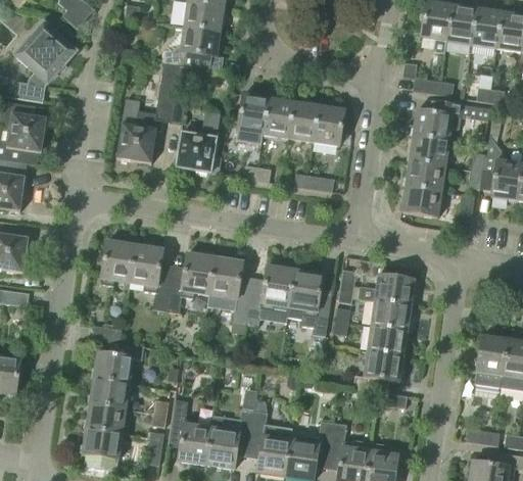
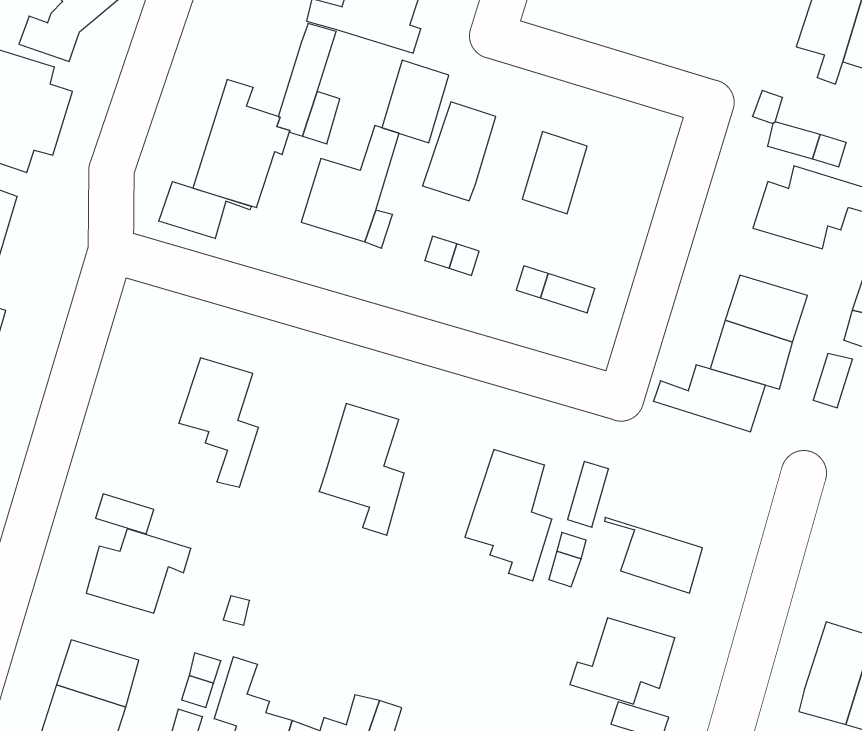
building: [264,97,294,138] -> [382,60,449,143]
building: [314,105,345,146] -> none
building: [409,135,449,165] -> none
building: none -> [159,182,251,239]
building: [100,242,134,286] -> none
building: [164,254,213,314] -> none
building: [245,267,294,326] -> none
building: [358,275,415,305] -> [653,365,766,432]
building: [367,324,408,354] -> none
building: [89,378,130,408] -> none

